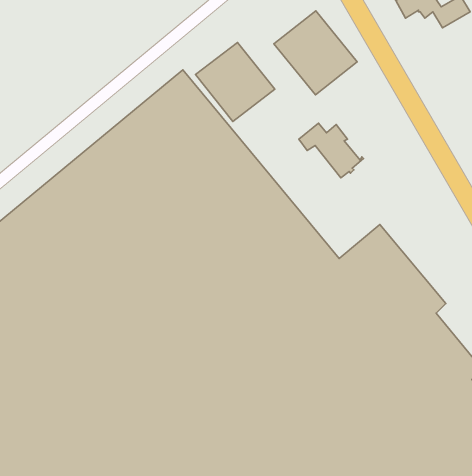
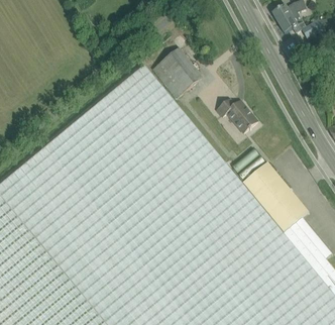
building: [274,11,357,95] -> none

